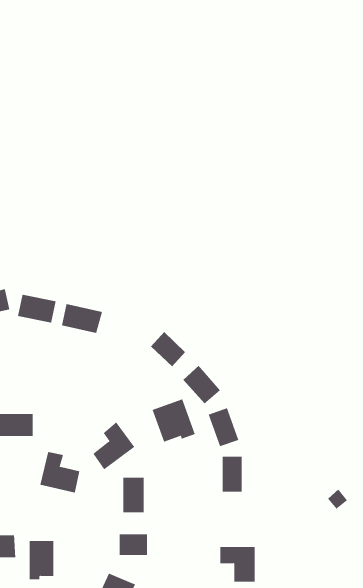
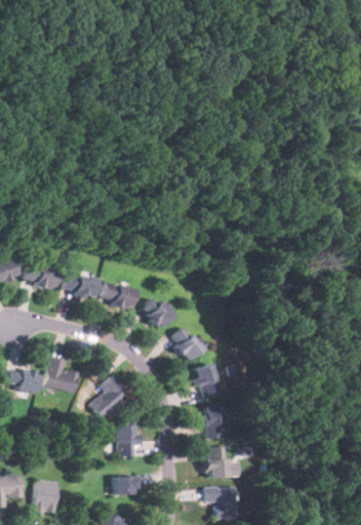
building: none -> [102,281,137,310]
building: [152,398,196,442] -> none
building: [40,451,80,493] -> [44,357,80,394]
building: none -> [207,448,242,479]

